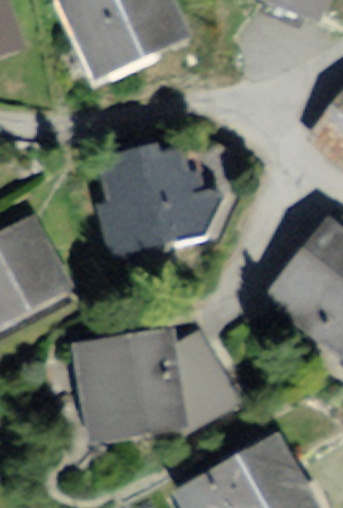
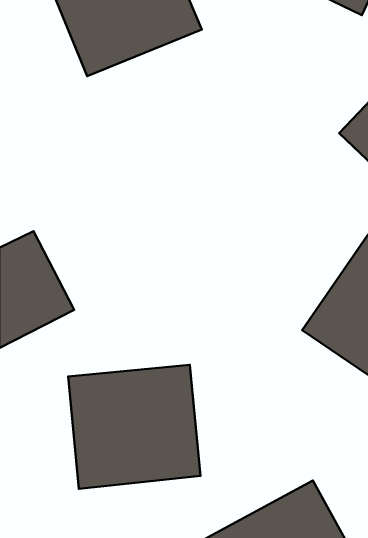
building: [103,155,207,244] -> none
building: [176,328,242,427] -> none

